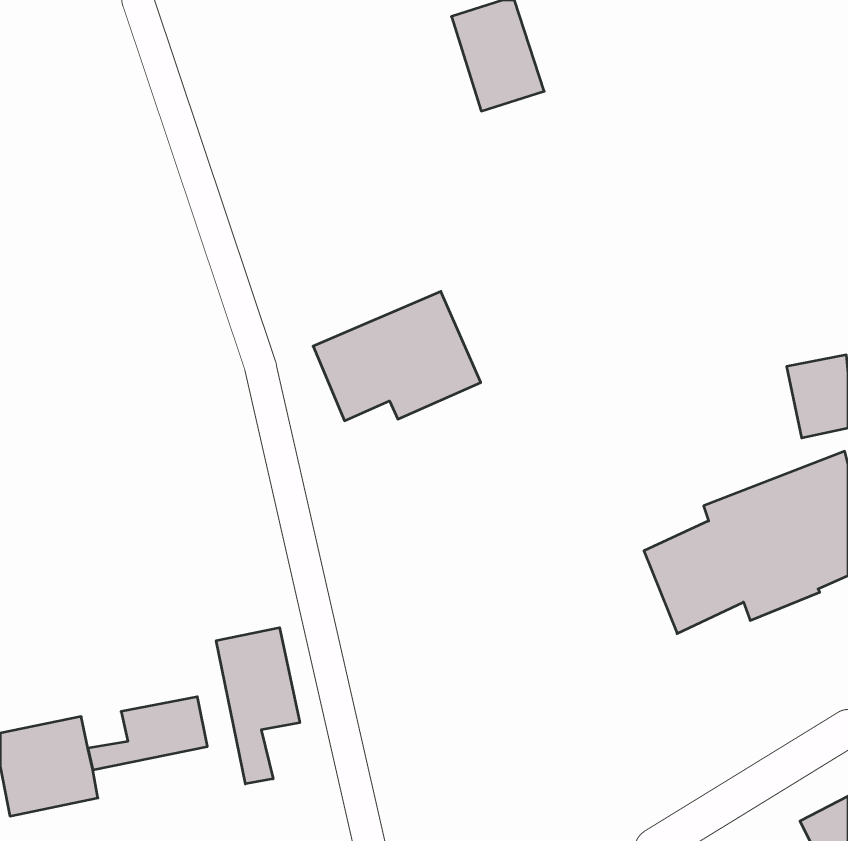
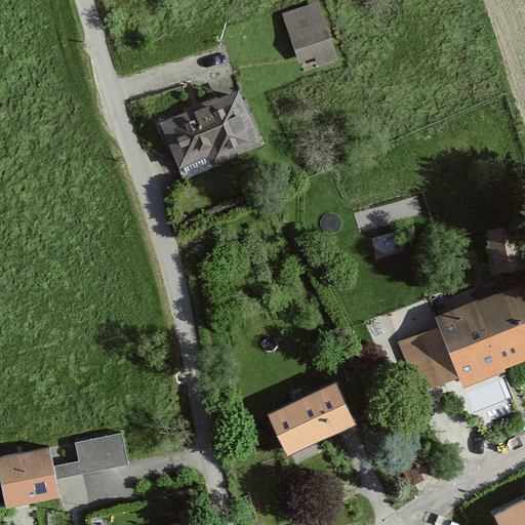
building: [313,291,481,421] -> [160,89,264,169]
building: none -> [268,380,356,454]
building: [216,628,300,784] -> none

